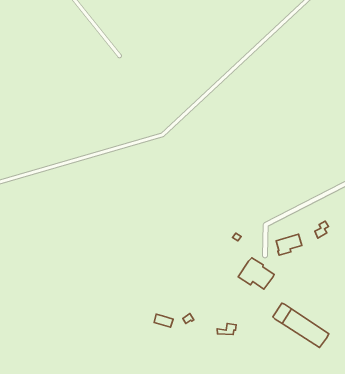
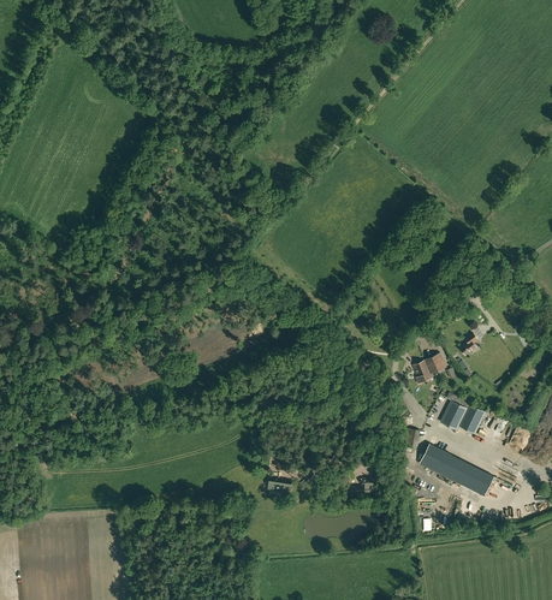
building: [238,258,274,289] -> [440,396,486,434]

